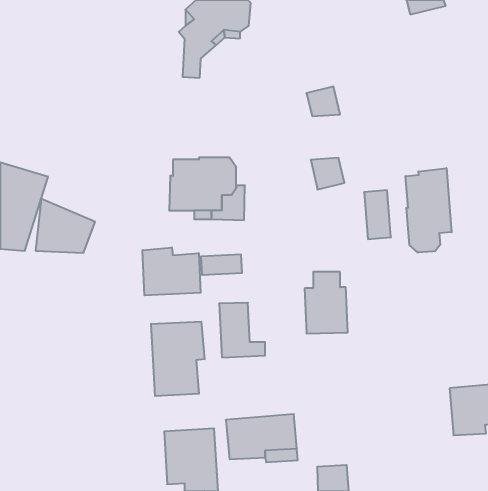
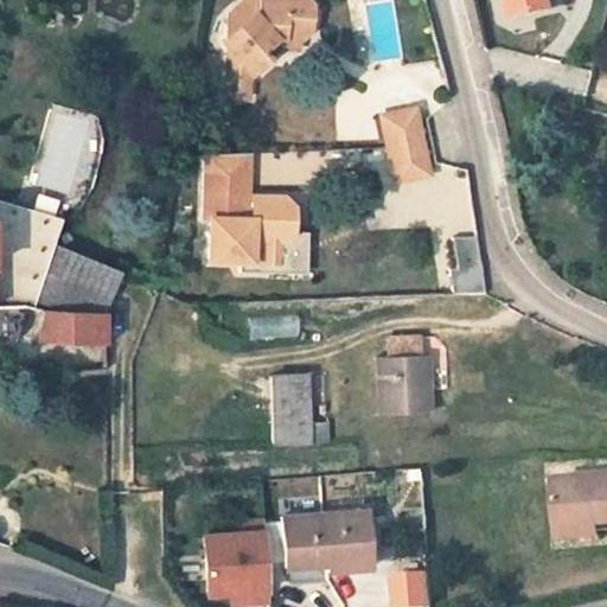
building: none -> [207,152,249,217]
building: [311,158,344,190] -> [389,141,430,180]
building: [405,168,452,253] -> none
building: [143,247,201,295] -> none
building: none -> [39,309,107,343]
building: [151,322,205,396] -> none

